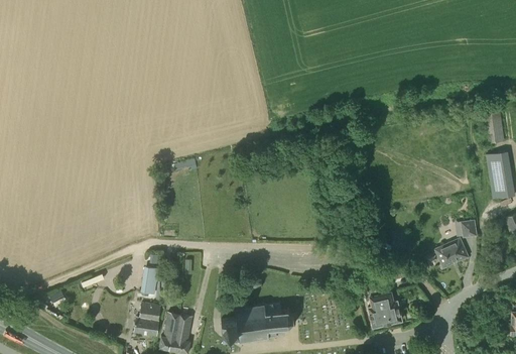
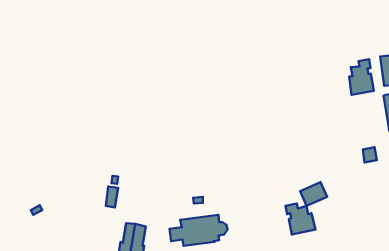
building: none -> [349,59,374,95]
building: [435,238,469,267] -> [300,182,327,206]
building: [135,303,161,335] -> none

